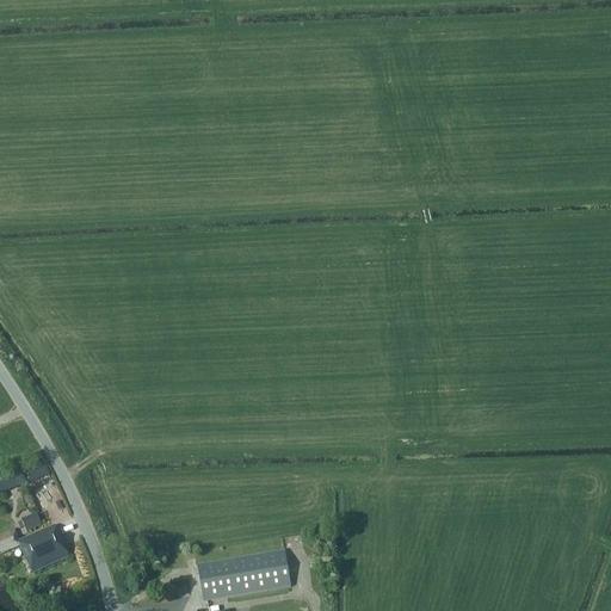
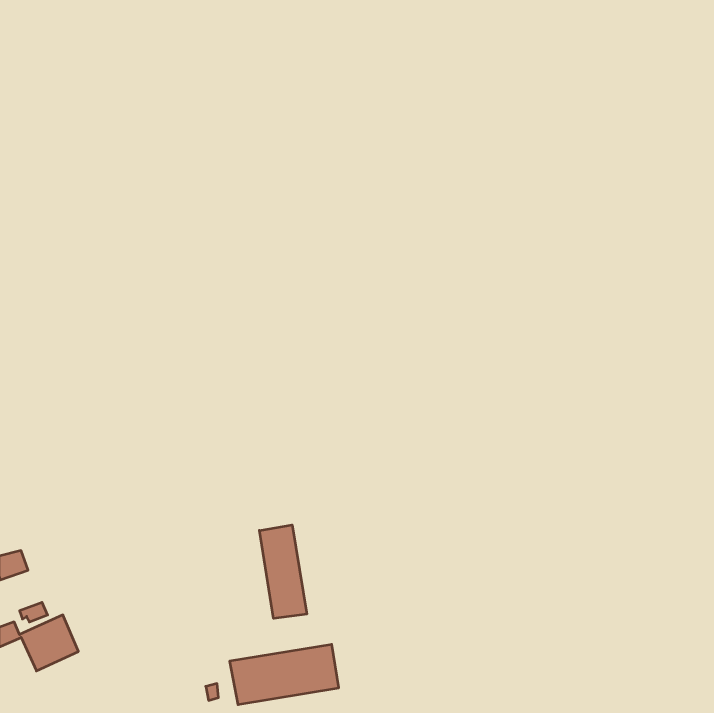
building: none -> [259,525,307,618]

